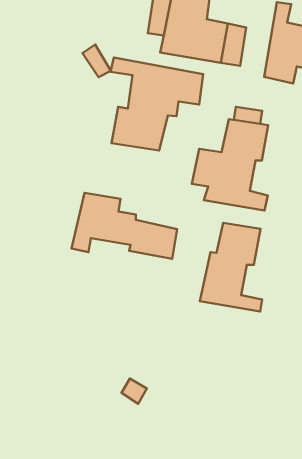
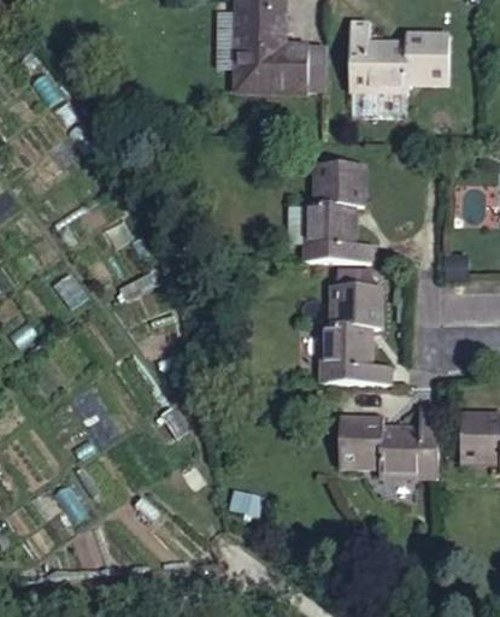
building: [111,57,203,150] -> none
building: [71,193,177,259] -> none
building: none -> [339,402,439,472]

